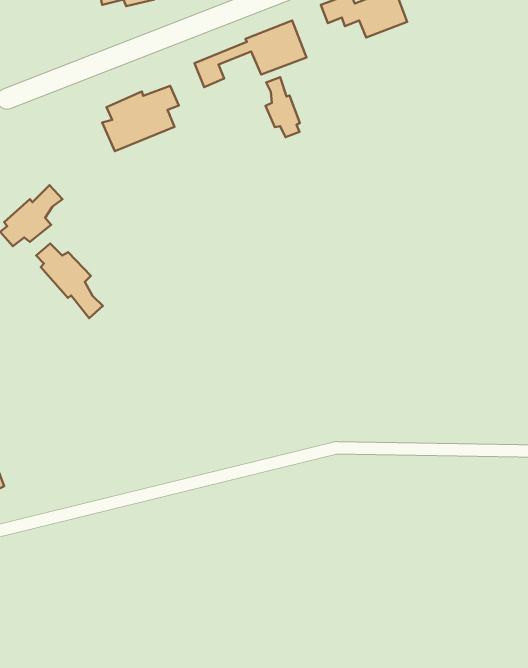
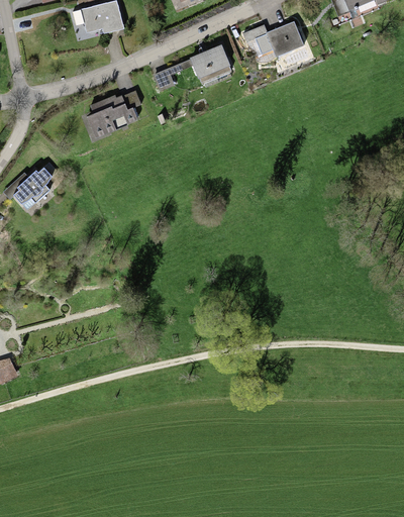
building: [265,77,300,137] -> none
building: [36,244,103,318] -> none

